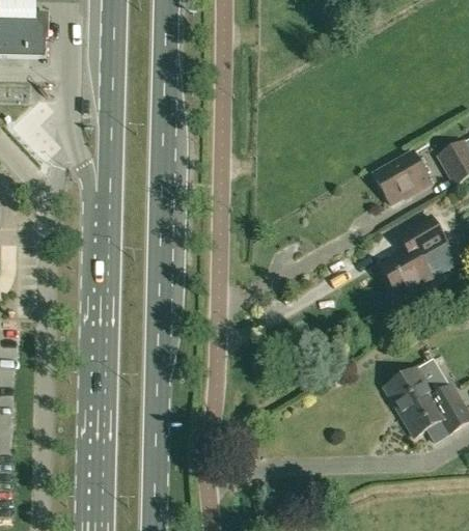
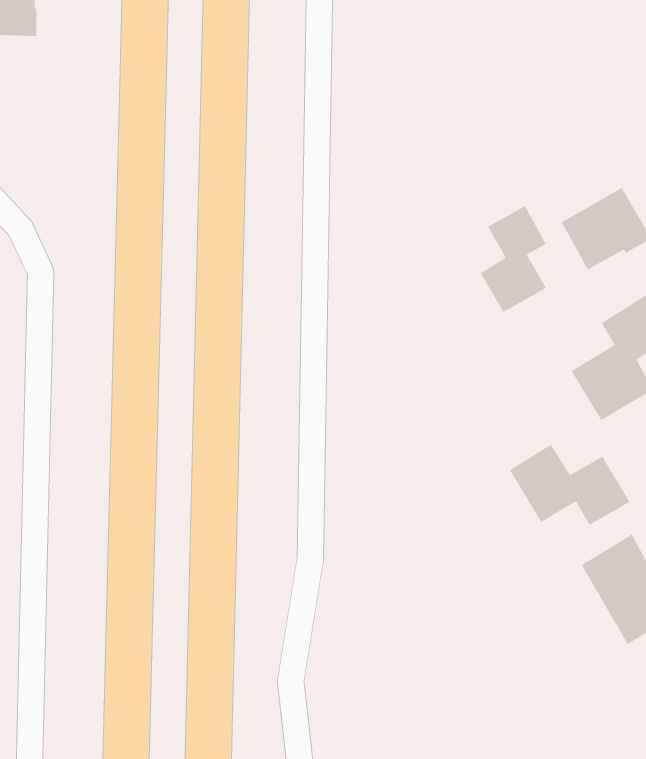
building: none -> [480,205,546,313]
building: none -> [509,444,630,525]

